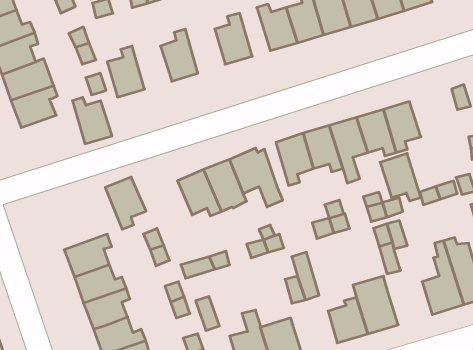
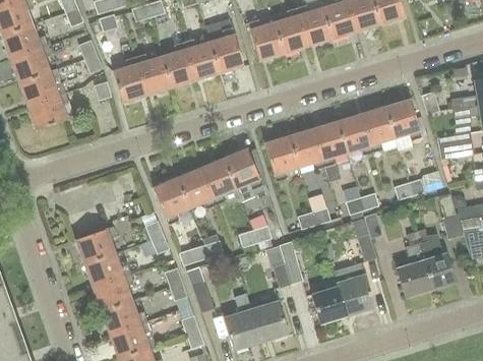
building: none -> [183,38,219,80]
building: [72,97,112,144] -> [135,53,171,95]
building: [380,153,421,201] -> [384,98,421,140]
building: [105,177,146,229] -> [153,177,189,224]

